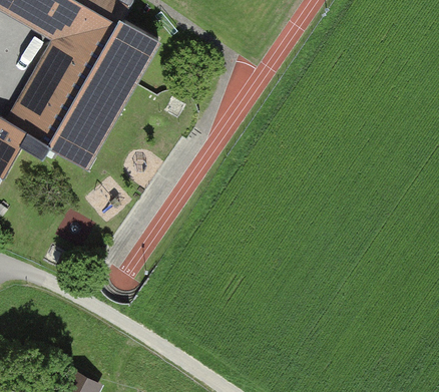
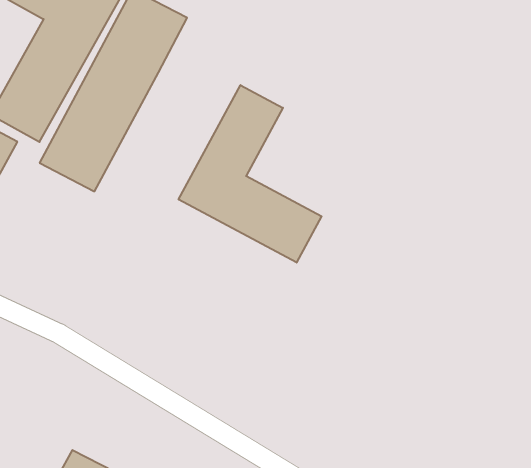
building: none -> [179,85,322,263]

